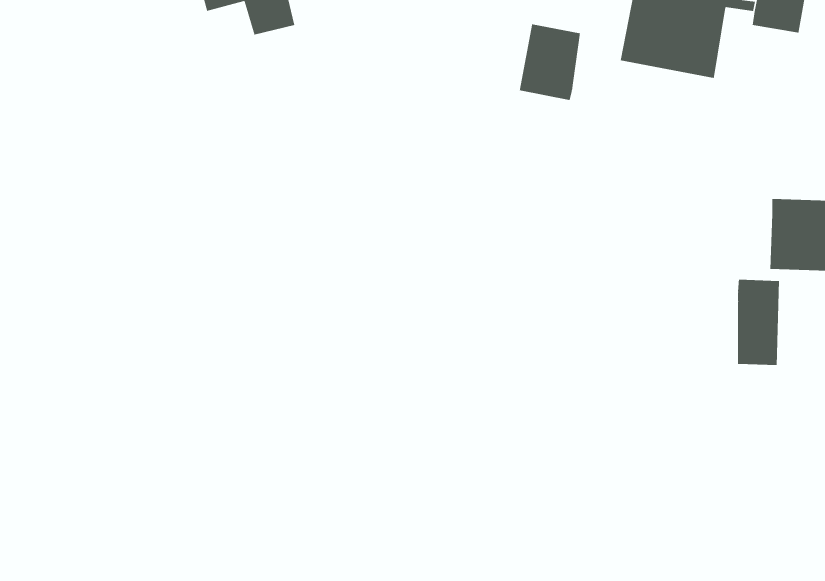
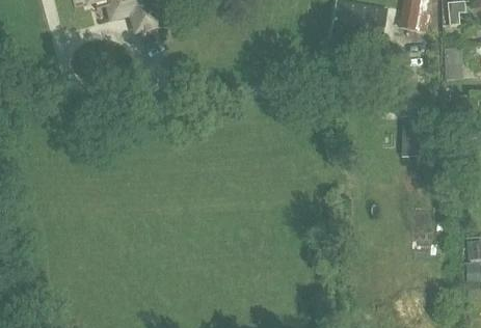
building: [519,23,581,101] -> none
building: [738,279,779,366] -> none

